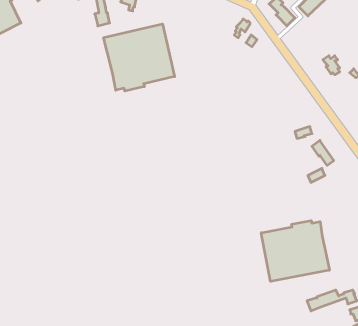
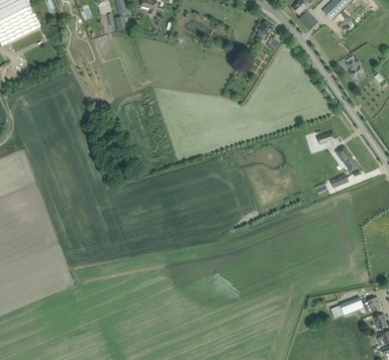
building: [104,24,175,91] -> none
building: [261,221,329,281] -> none

